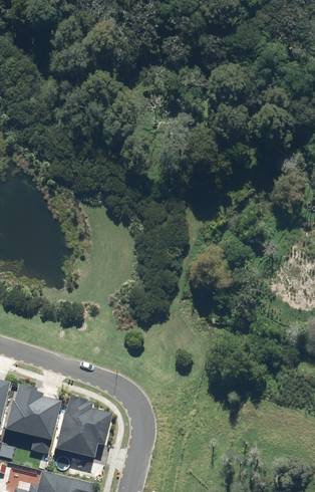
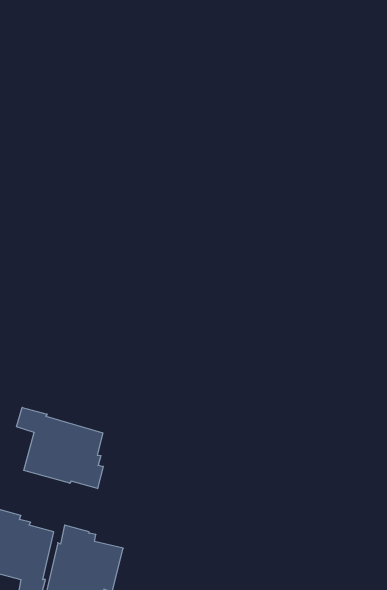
building: none -> [17,407,103,489]

